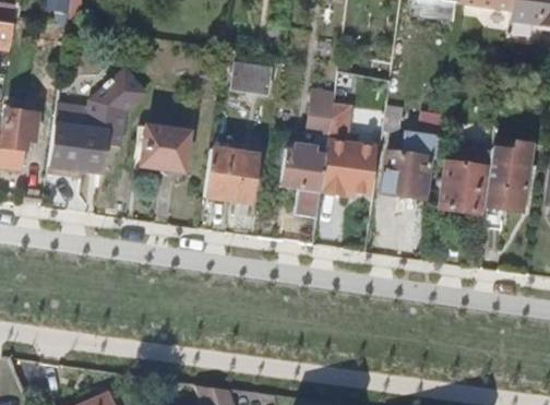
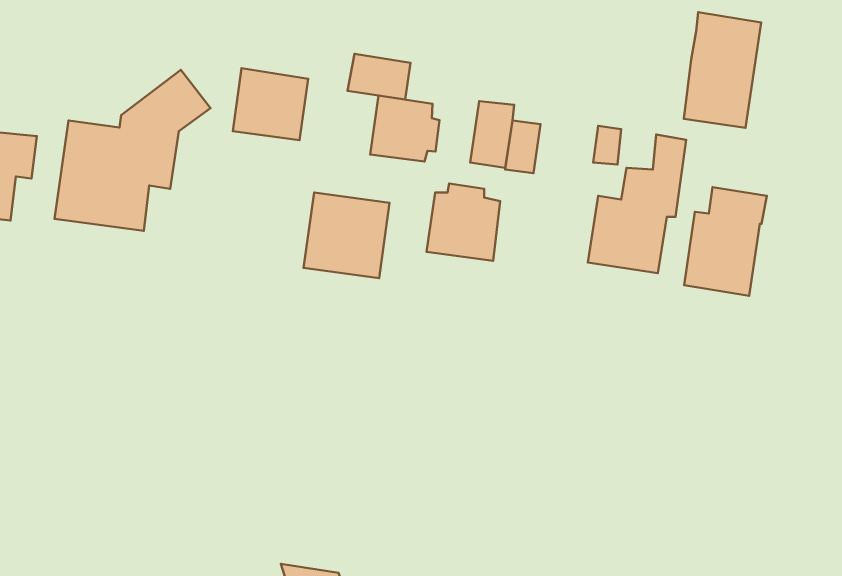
building: none -> [370,95,439,161]
building: [142,127,189,171] -> [233,68,308,140]
building: [485,140,533,212] -> [684,12,761,128]
building: [325,157,374,195] -> none

